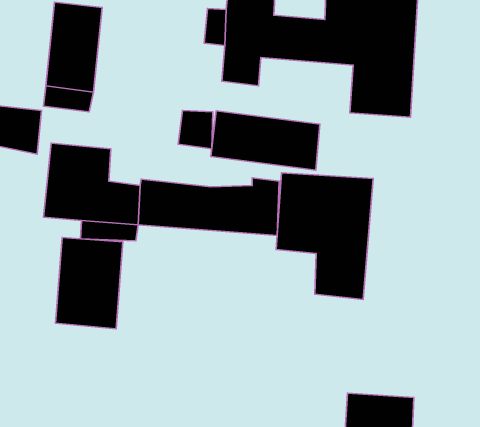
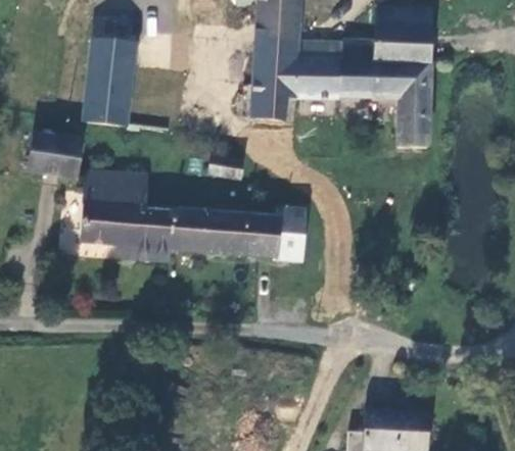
building: [211,111,320,170] -> none
building: [276,173,373,299] -> none
building: [56,237,123,329] -> none

